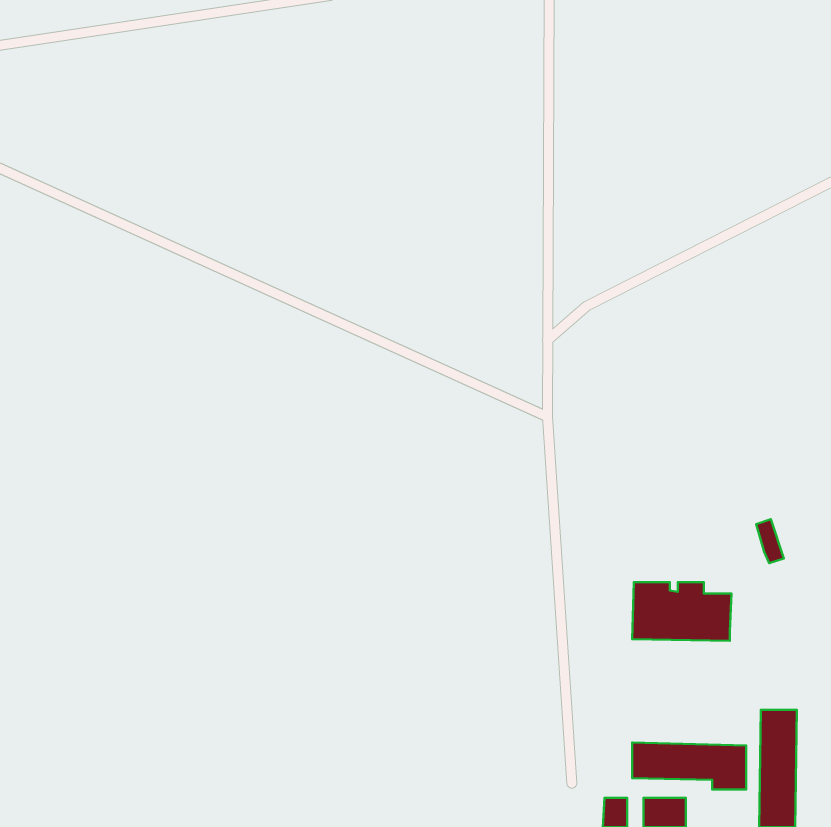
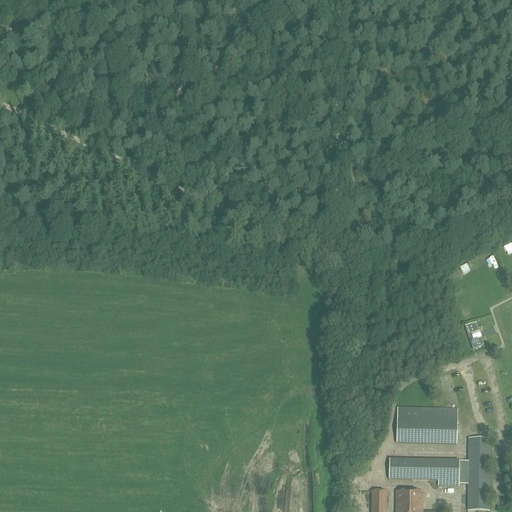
building: [632,582,732,641] -> [396,406,457,442]

